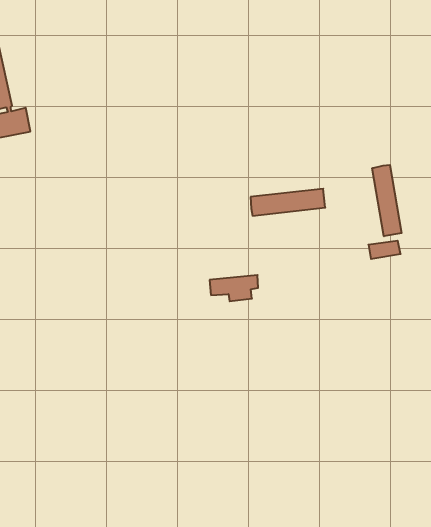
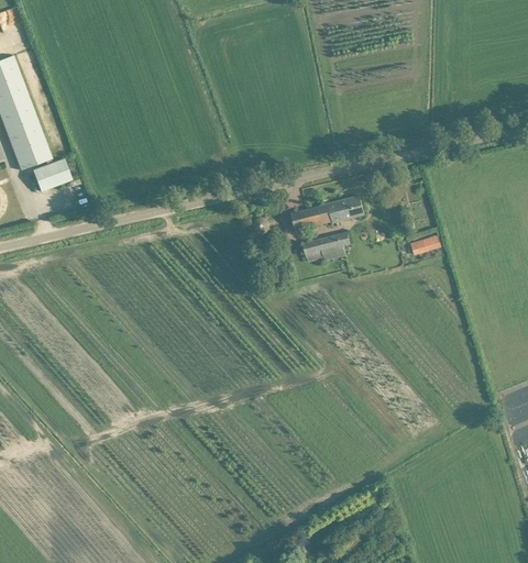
building: [372,165,402,236] -> none
building: [210,275,258,301] -> [302,231,350,260]

